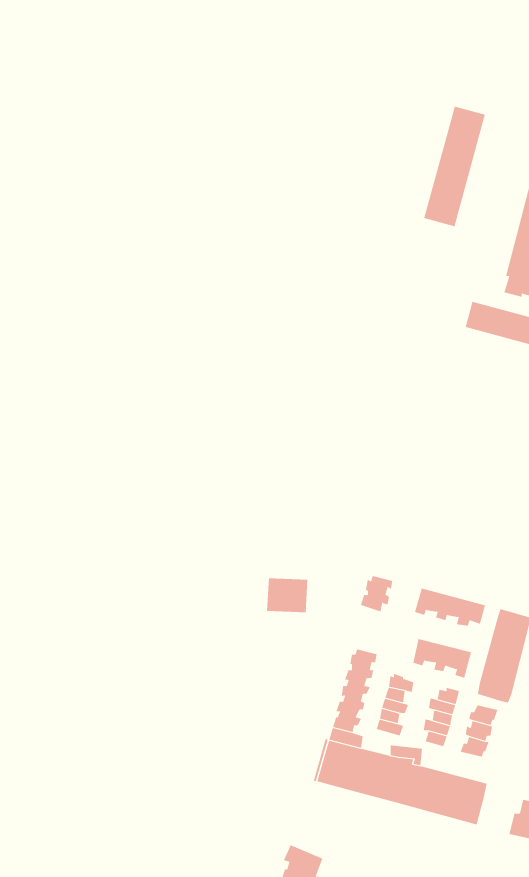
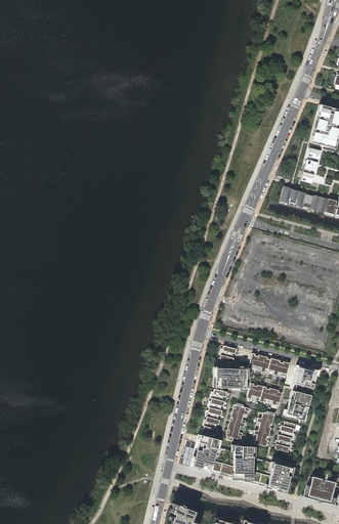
building: [423,106,486,227] -> none
building: [266,578,308,613] -> [215,367,240,388]

